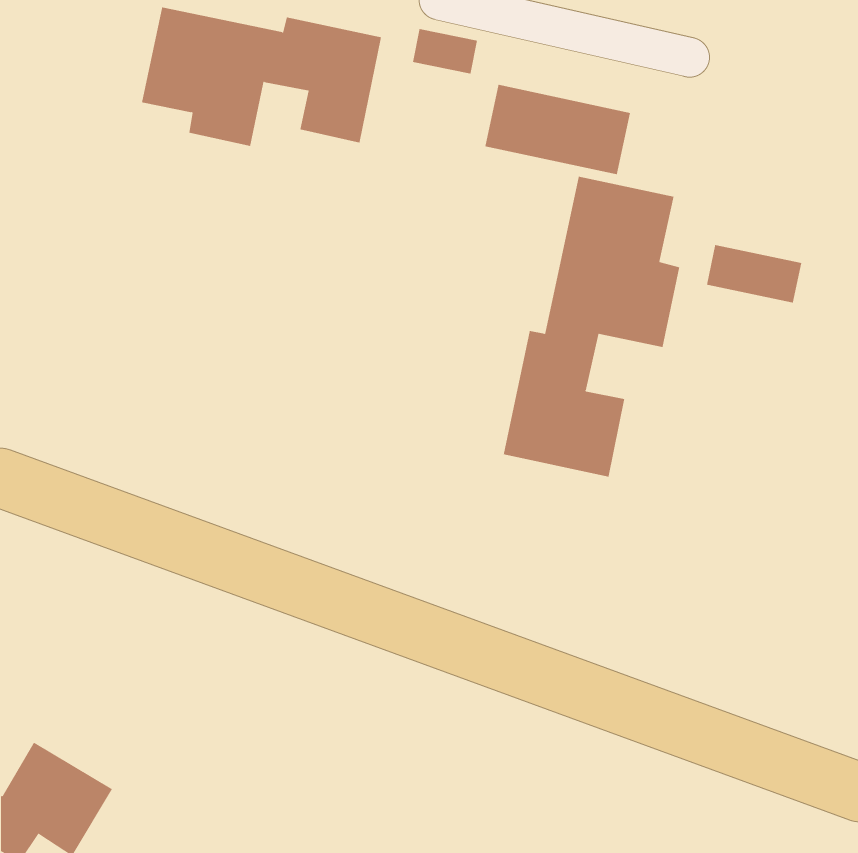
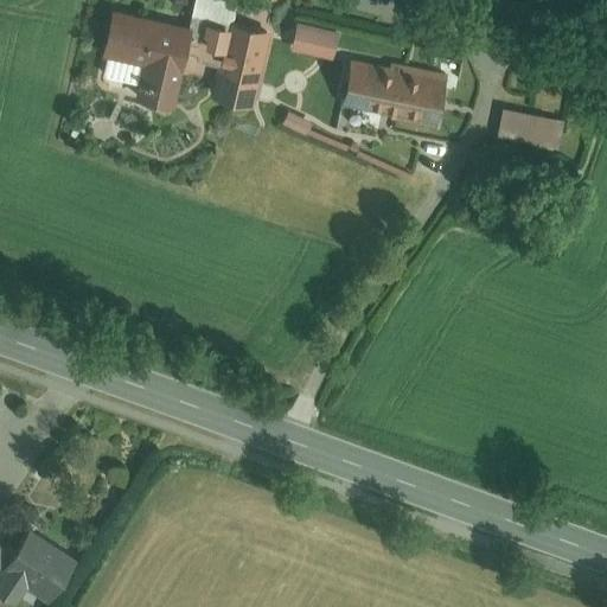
building: [503,176,680,478] -> none
building: [706,244,802,303] -> [497,108,564,149]

